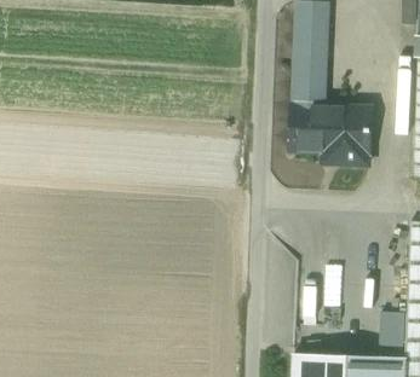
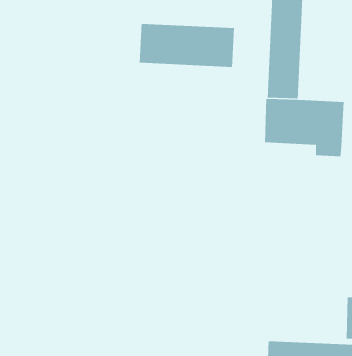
building: none -> [139,23,235,68]

